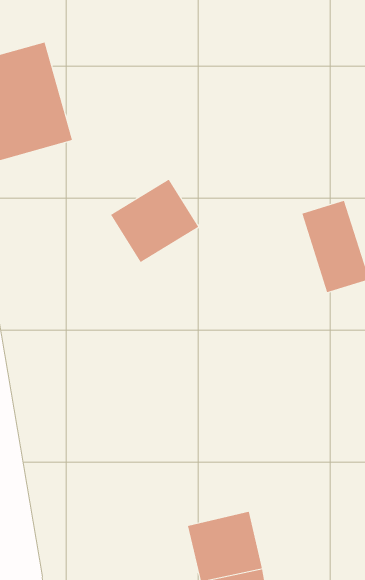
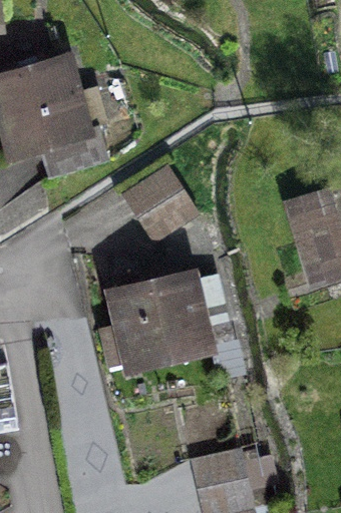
building: none -> [111,274,216,375]

